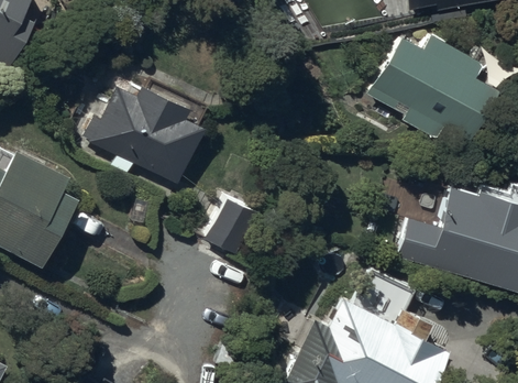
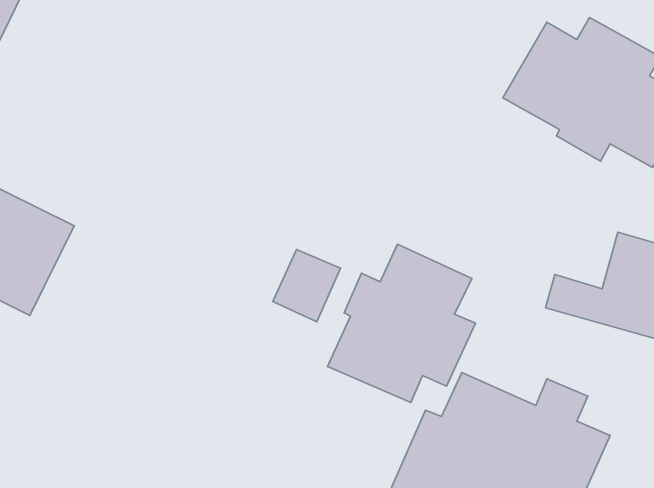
building: [80,95,201,192] -> none
building: none -> [328,244,475,402]

